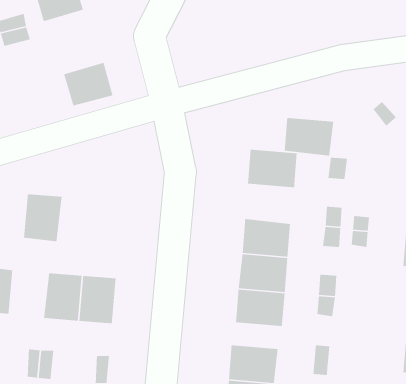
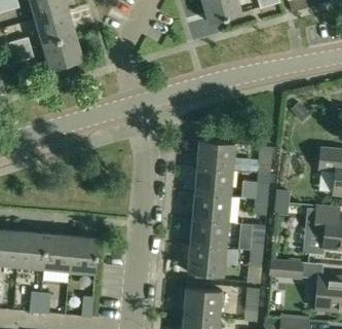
building: [63,62,114,107] -> [43,36,81,70]
building: [284,117,334,157] -> [195,168,233,197]
building: [23,193,62,242] -> [17,232,47,269]
building: none -> [269,260,304,281]

